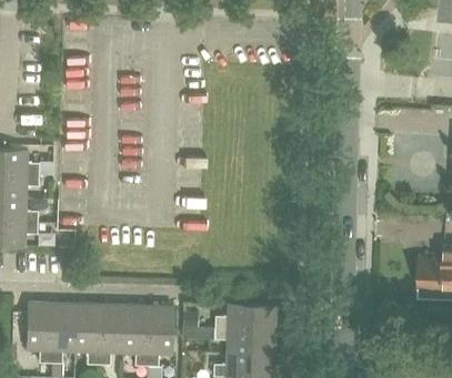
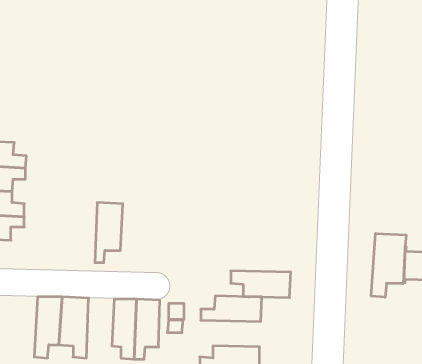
building: none -> [371,233,406,297]
building: [26,304,51,365] -> none
building: [100,306,128,366] -> [95,203,123,263]
building: [214,328,274,355] -> [231,271,291,298]

